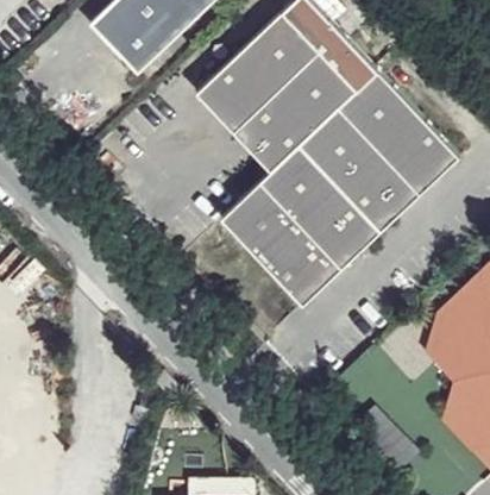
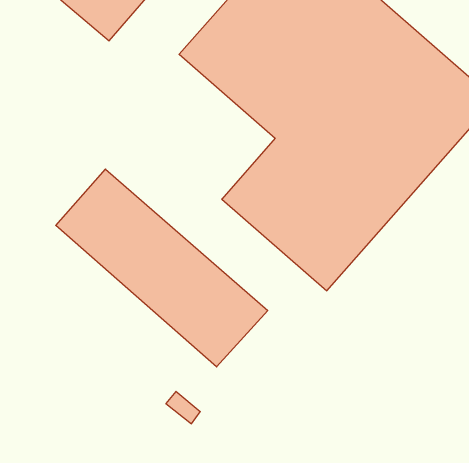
building: none -> [56,169,268,367]

